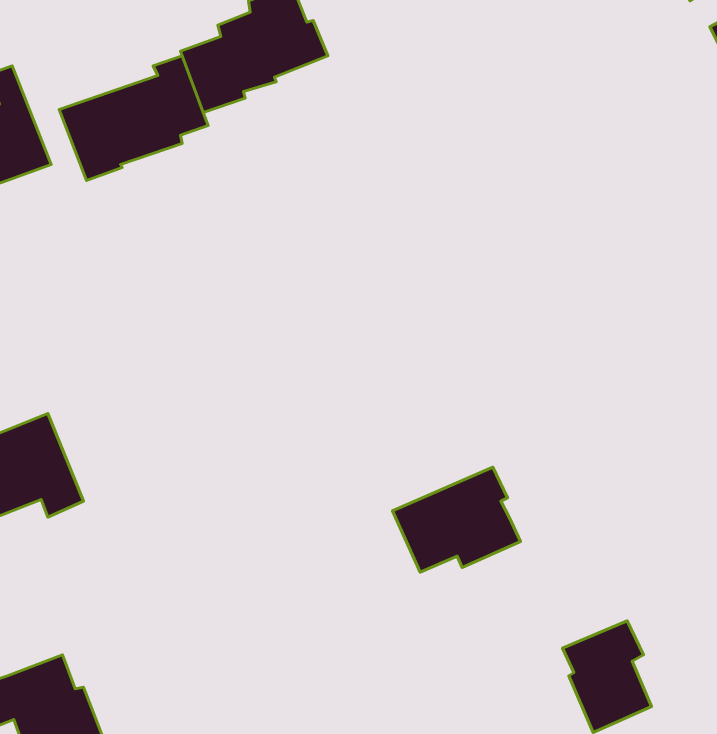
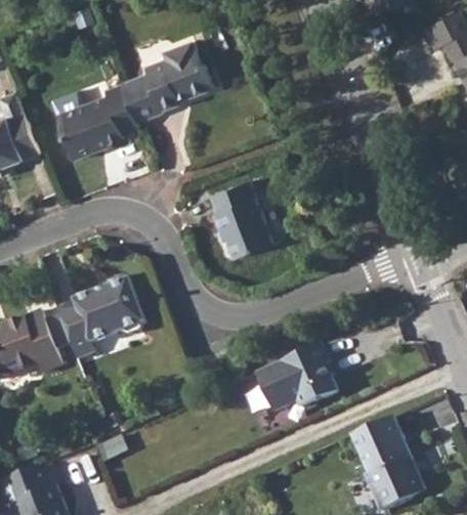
building: none -> [209,181,271,259]
building: none -> [57,277,145,361]
building: none -> [352,418,404,460]

